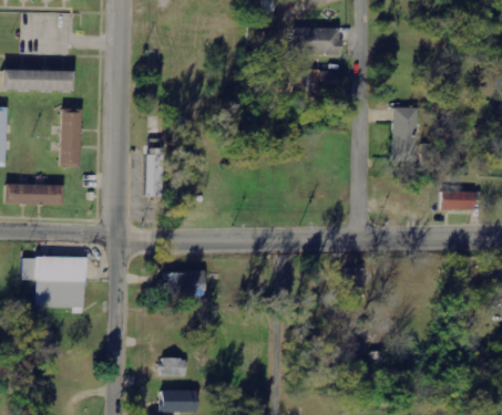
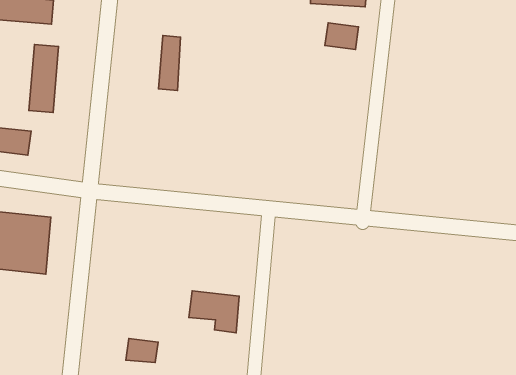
building: [393,107,419,162] -> none
building: [147,149,164,196] -> [158,36,181,90]
building: [442,190,475,210] -> none
building: [162,271,204,304] -> [189,291,239,333]

